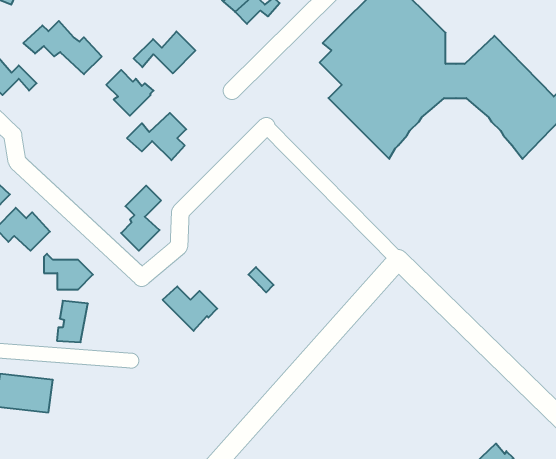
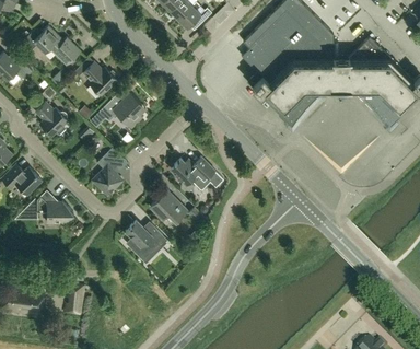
building: [134,31,195,73] -> none
building: none -> [35,102,67,136]
building: none -> [171,156,223,189]
building: none -> [150,189,187,222]
building: [57,301,88,342] -> [63,283,86,314]

